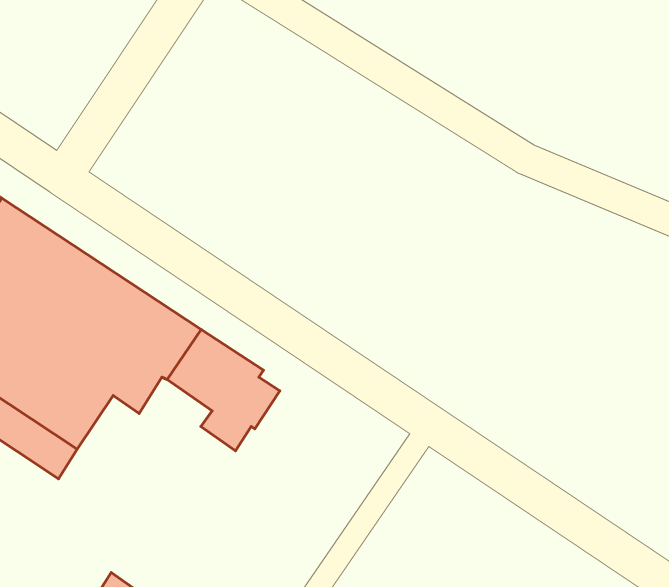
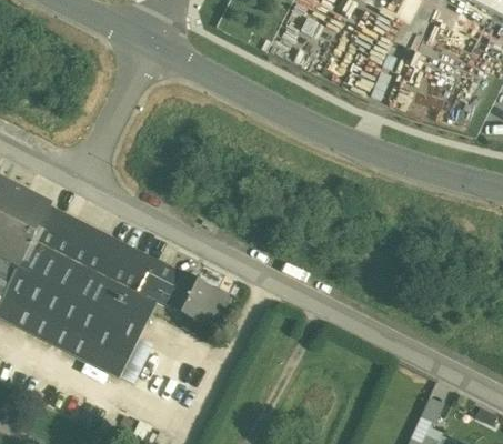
building: none -> [101,315,144,377]

